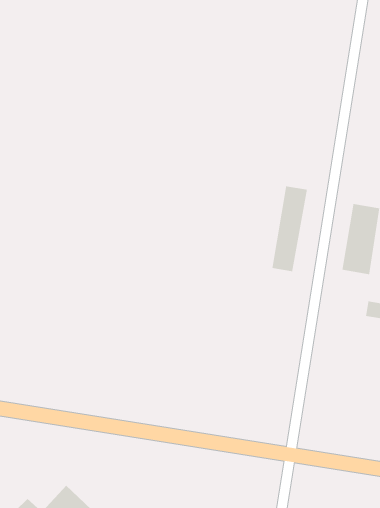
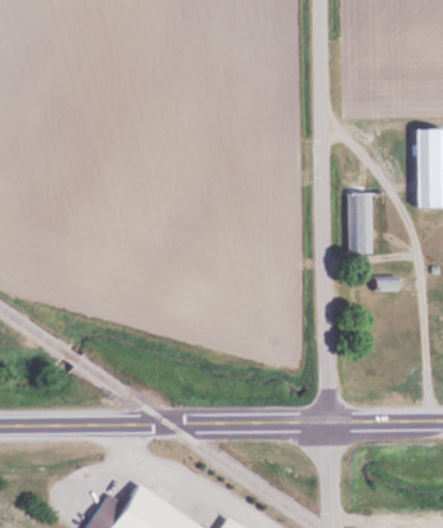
building: [271,185,308,272] -> none

